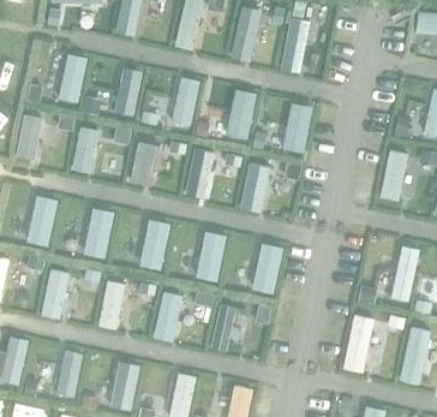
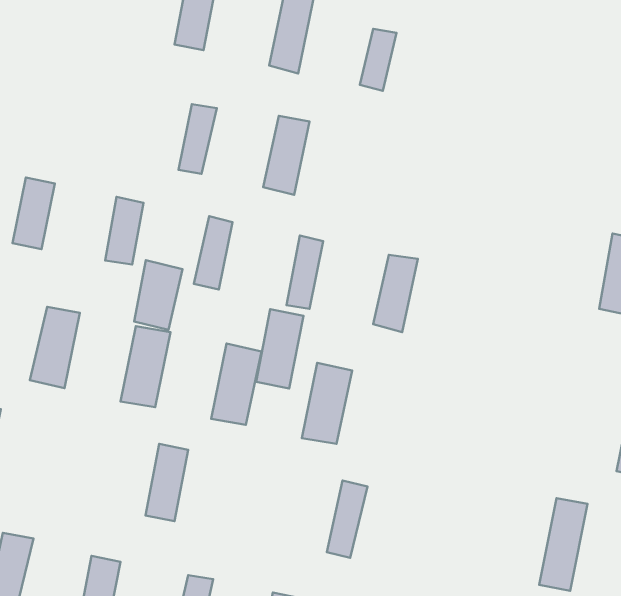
building: [280,18,309,73] -> none
building: [58,54,86,102] -> none
building: [225,89,256,138] -> none
building: [281,102,311,153] -> none
building: none -> [134,260,182,330]
building: none -> [256,309,303,388]
building: [251,243,282,293] -> none
building: [40,269,68,318] -> none
building: [152,292,181,341] -> none

